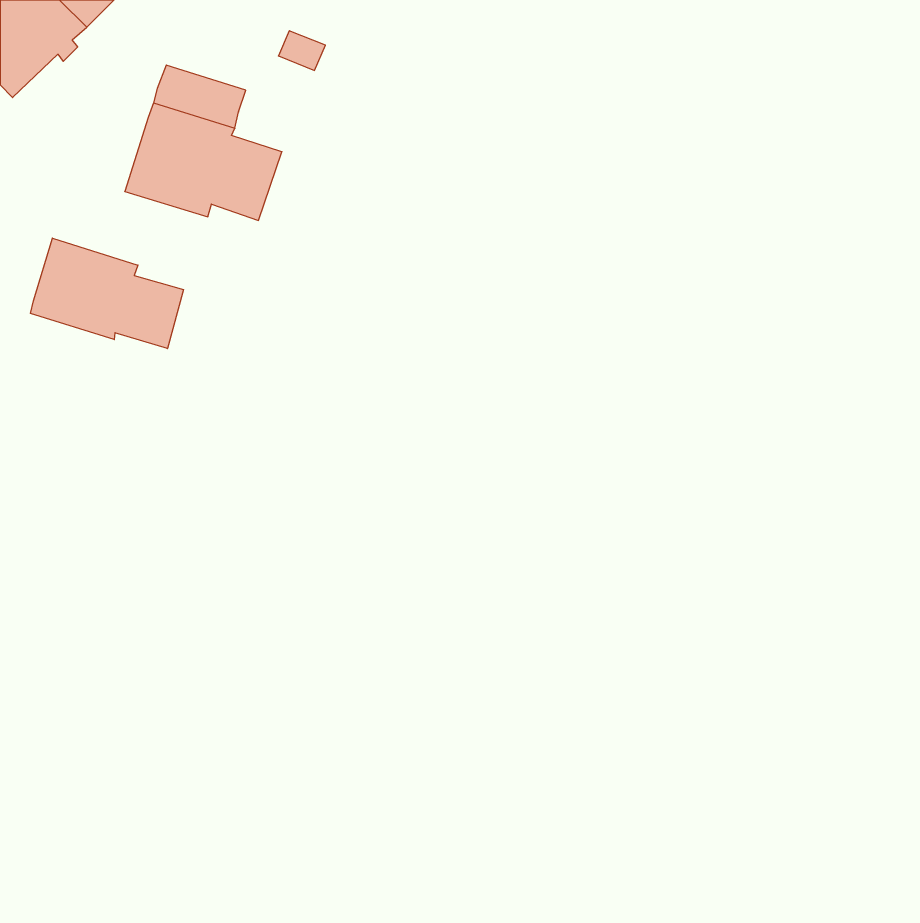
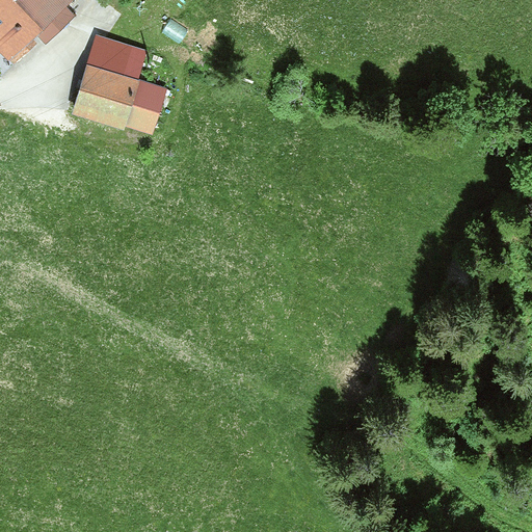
building: [30,238,184,349] -> none

